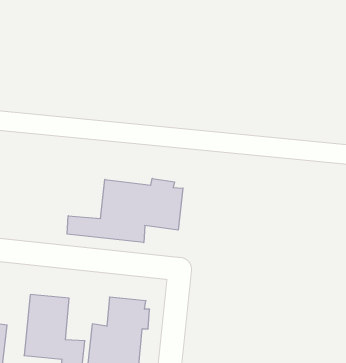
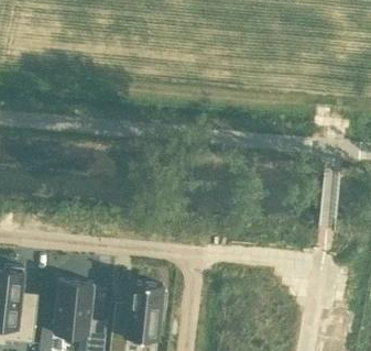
building: [67,178,183,243] -> none

